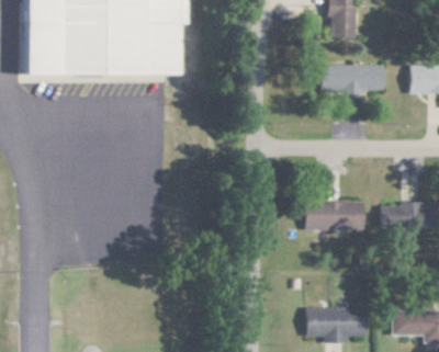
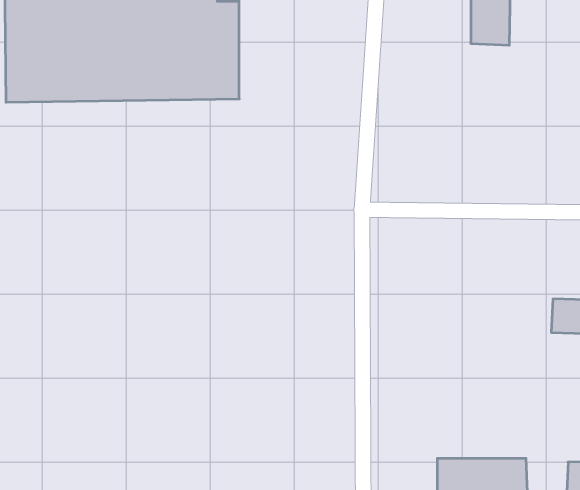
building: [322,65,385,92] -> none
building: [307,202,367,230] -> none

